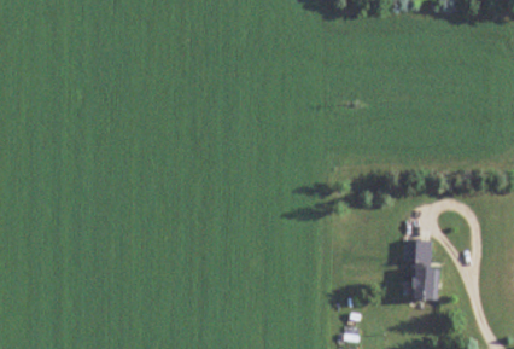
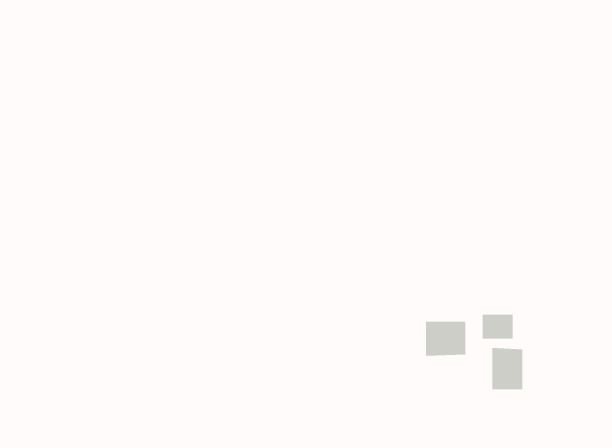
building: none -> [425,321,466,356]

